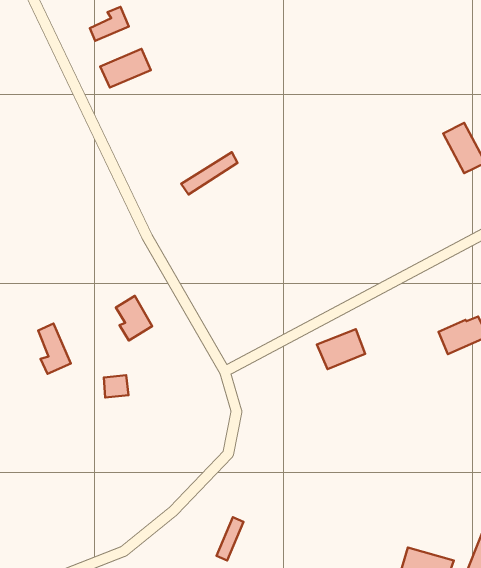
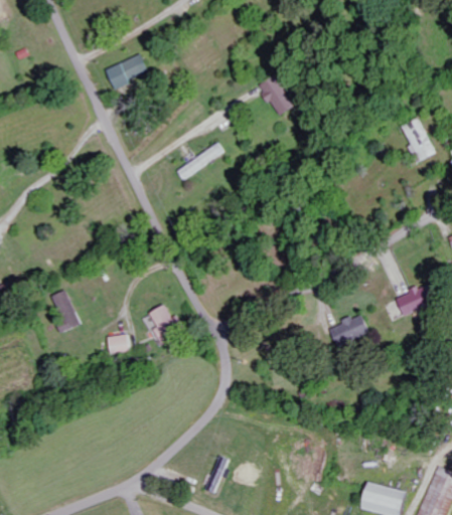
building: [90,7,129,41] -> none
building: none -> [257,73,293,115]
building: [116,296,152,340] -> [147,304,178,342]
building: [317,329,365,369] -> [328,314,369,348]

